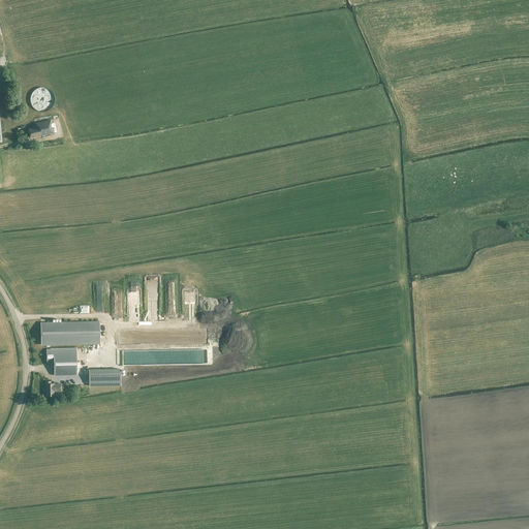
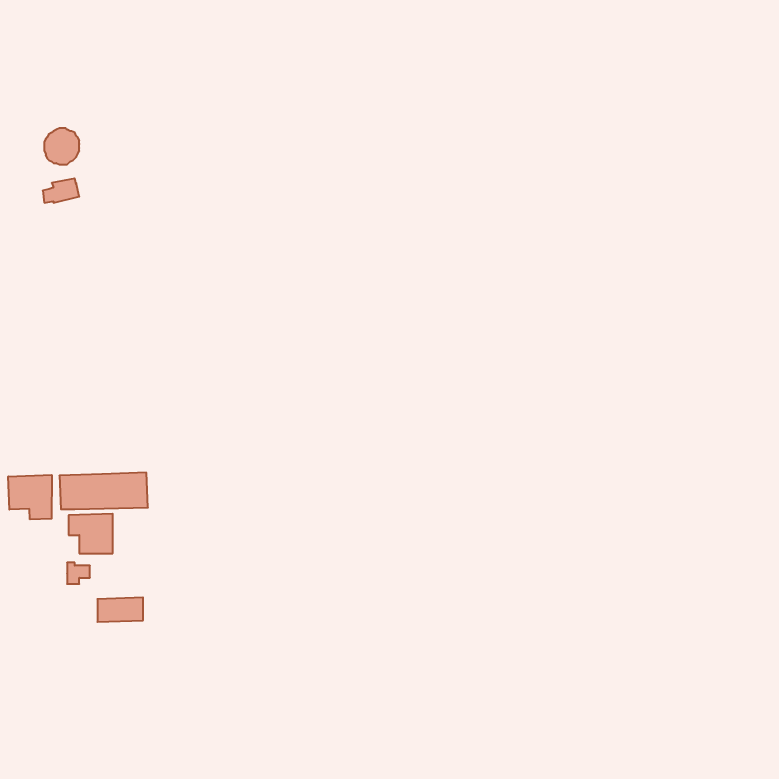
building: none -> [8,475,52,519]
building: [89,369,120,385] -> [97,597,143,622]

